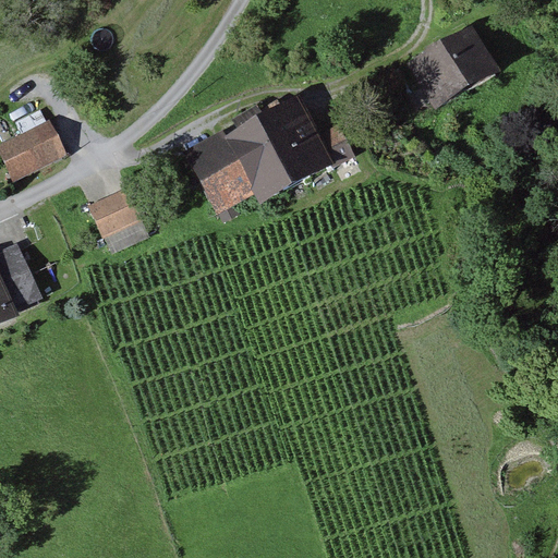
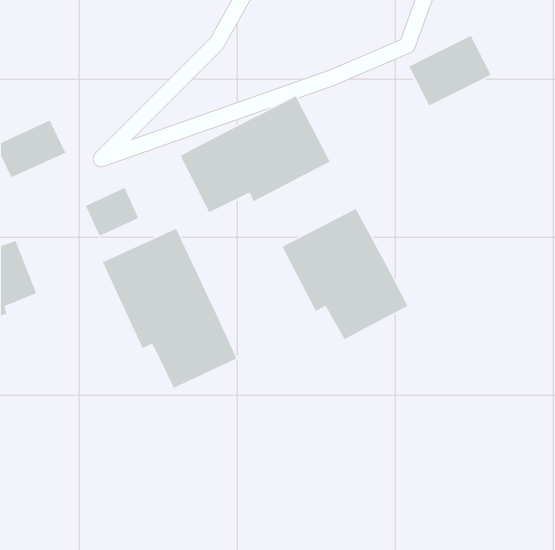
building: none -> [281,208,408,340]
building: none -> [102,228,238,389]

